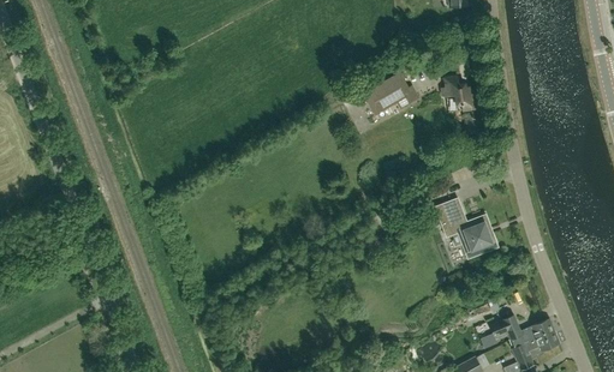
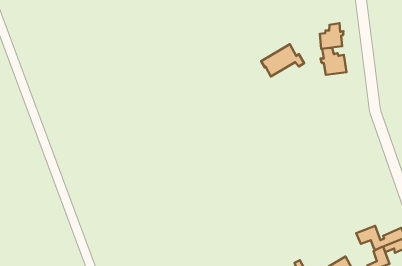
building: none -> [320,23,344,49]
building: [435,200,491,258] -> none

